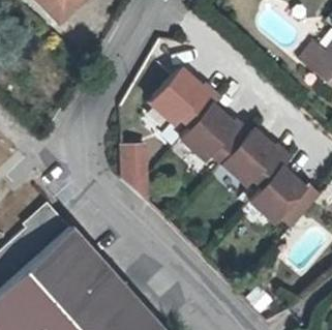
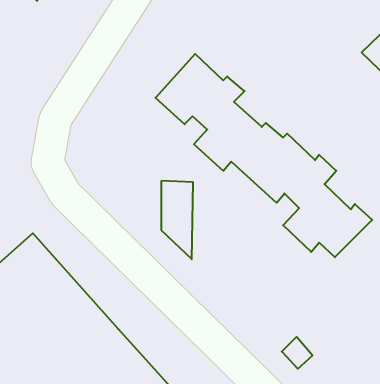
building: [122,142,147,203] -> [161,181,193,259]

